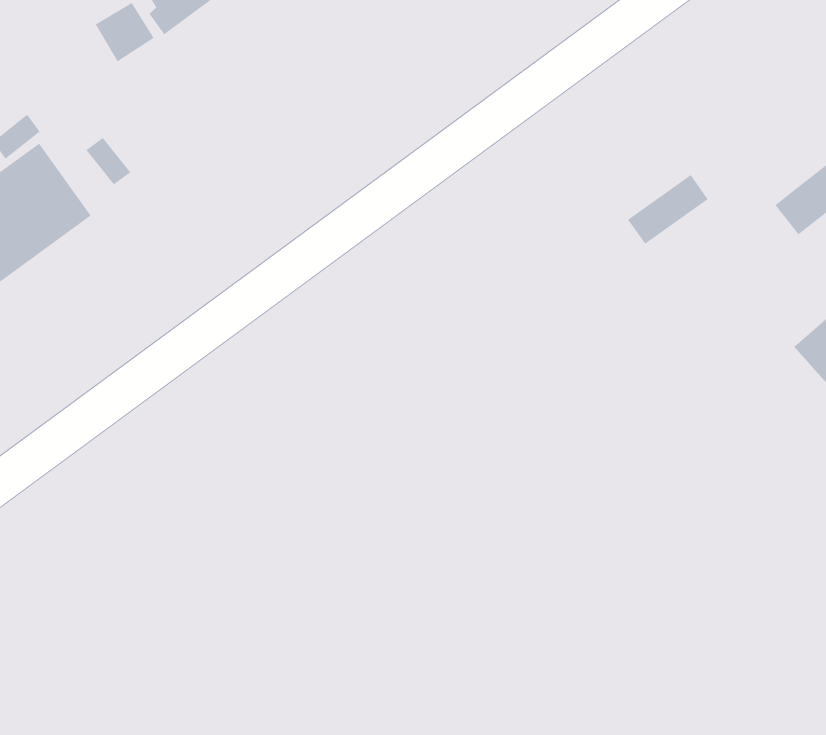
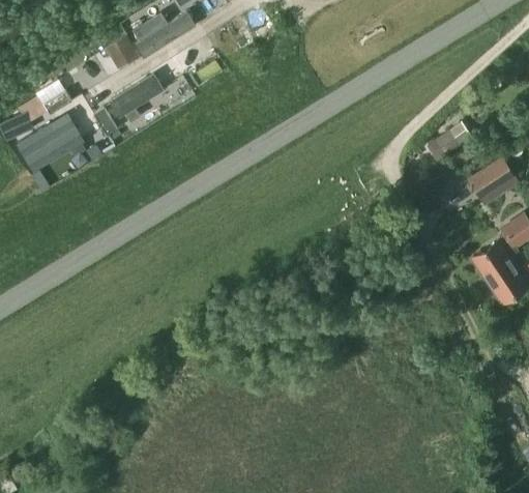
building: none -> [110,74,165,117]
building: [627,174,709,245] -> [425,122,471,158]

